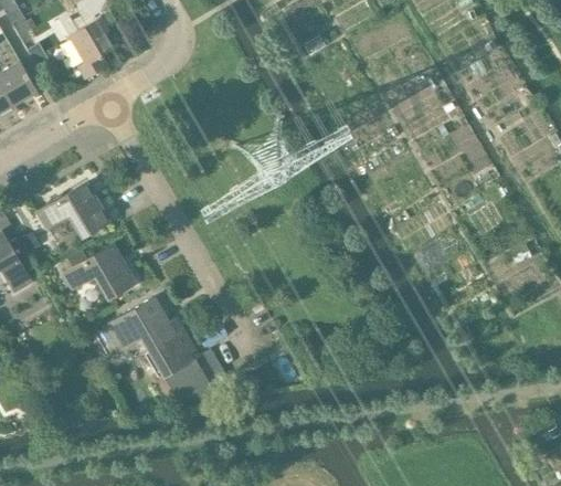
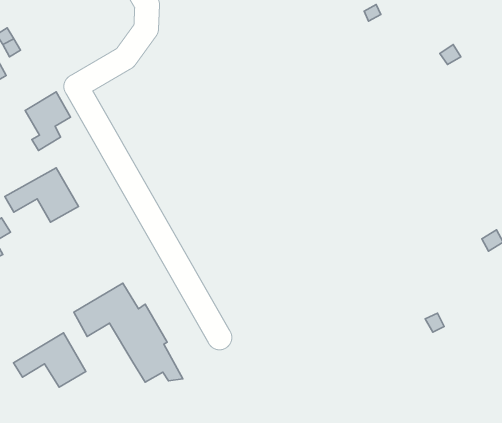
building: [70,20,115,78] -> [25,92,71,151]
building: [62,244,134,298] -> [14,333,86,387]

